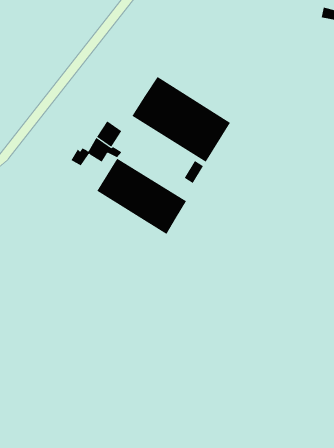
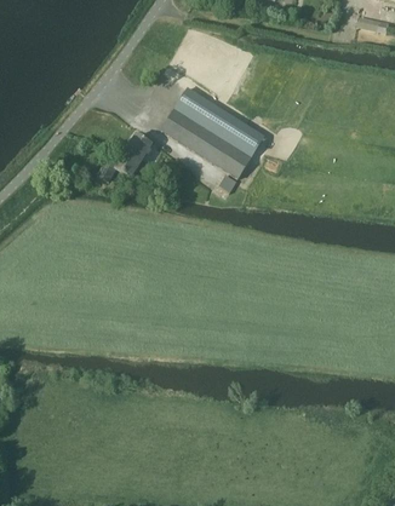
building: [96,158,187,235] -> none

